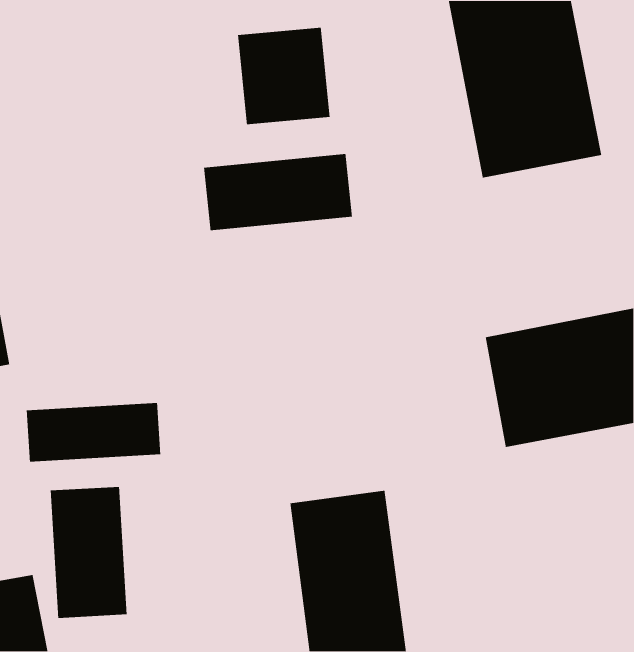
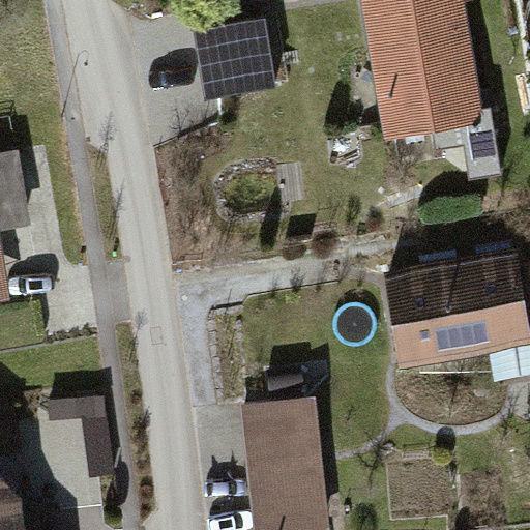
building: [203,153,353,231] -> none
building: [26,402,161,463] -> none

